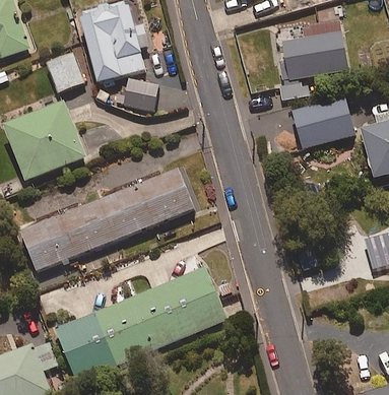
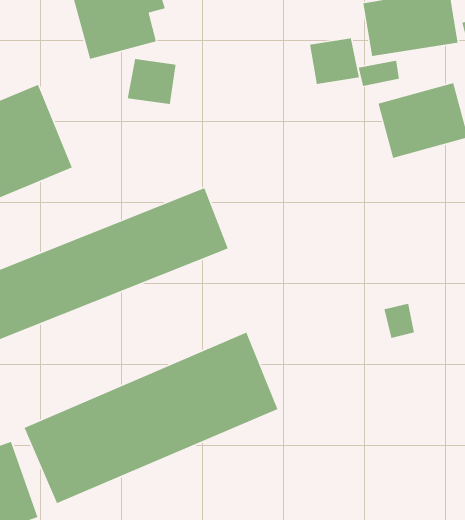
building: [48,51,82,91] -> none
building: none -> [309,37,360,85]

